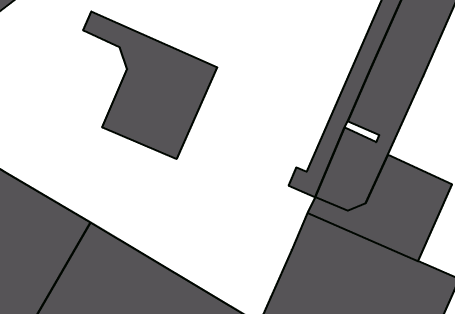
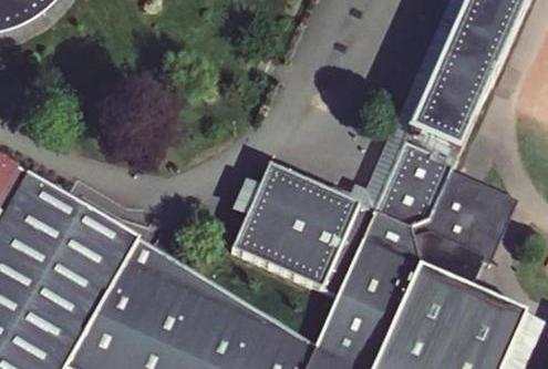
building: [83,11,217,159] -> none
building: none -> [232,167,375,318]

